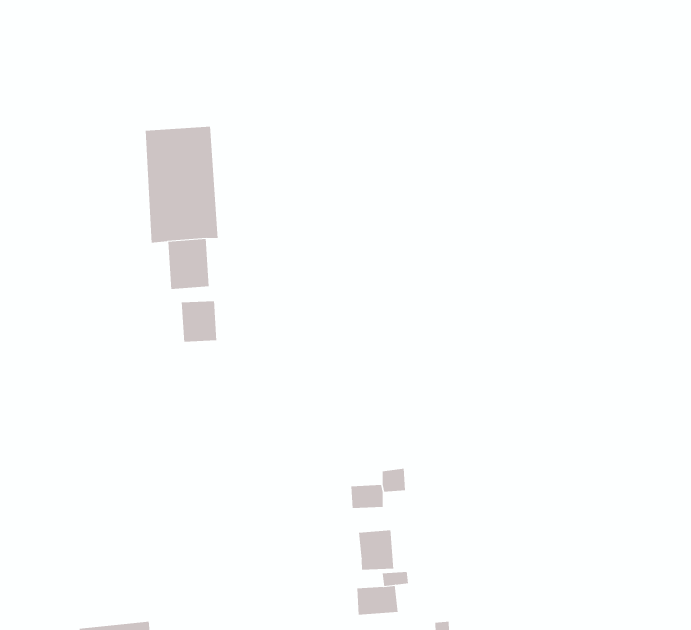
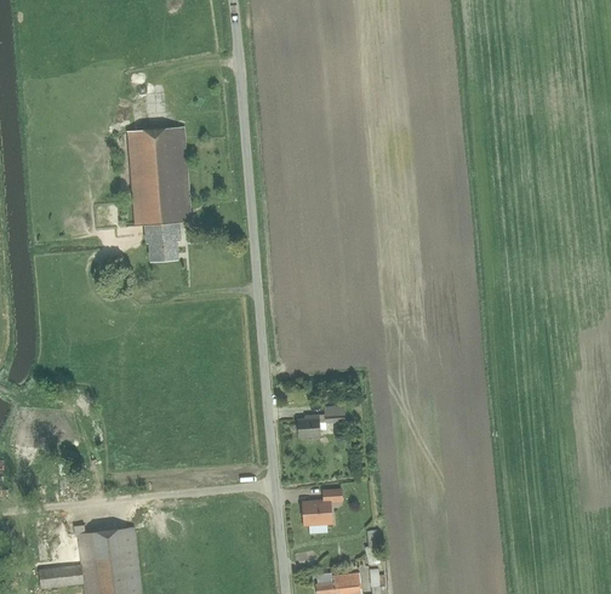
building: [181,300,217,342] -> none
building: [359,529,394,571] -> none

